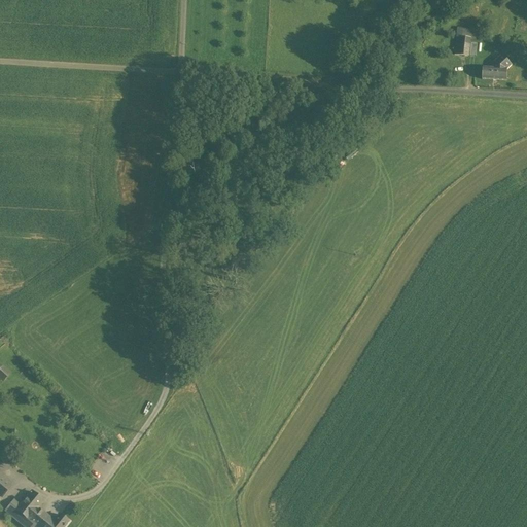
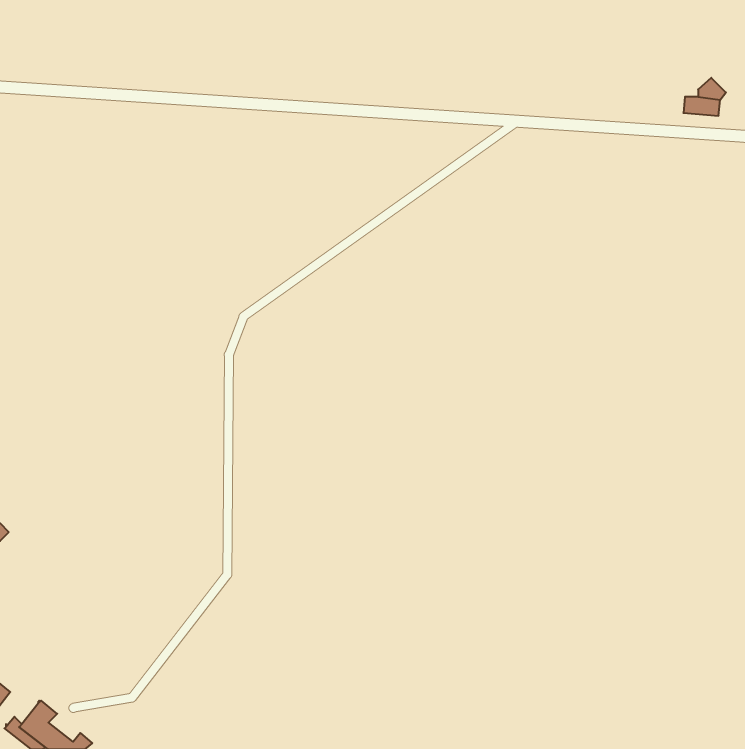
building: [451,24,471,51] -> none

